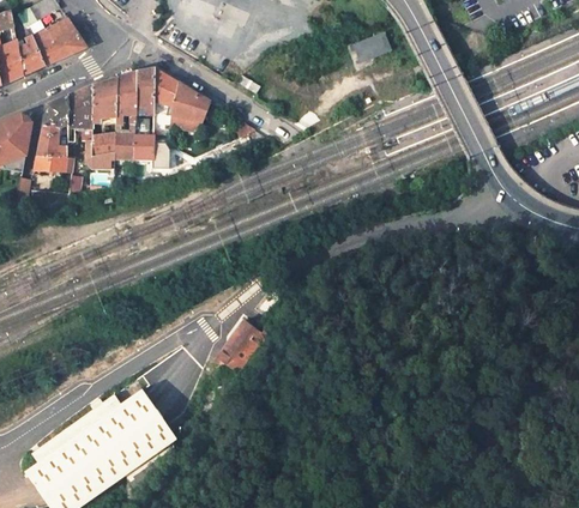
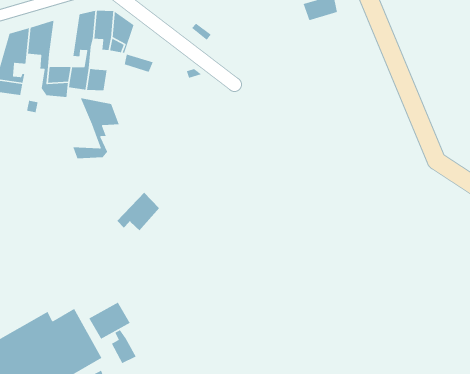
building: [91,78,117,128] -> none
building: [170,84,210,121] -> none
building: none -> [72,97,120,159]
building: [215,322,259,364] -> [116,192,160,231]
building: none -> [111,329,137,364]

